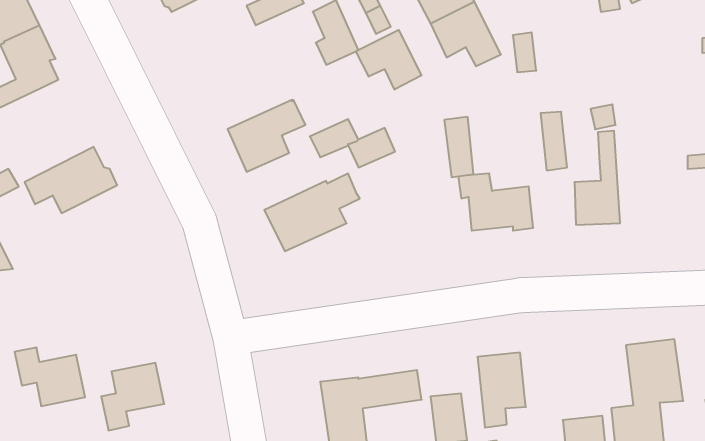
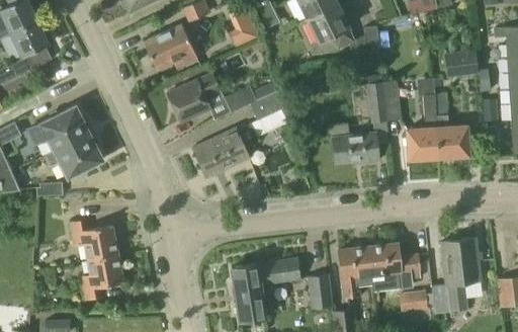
building: none -> [143,24,196,69]
building: [356,30,421,90] -> none
building: none -> [443,51,477,76]
building: [444,117,474,177] -> [366,82,386,123]
building: none -> [433,93,466,158]
building: none -> [45,132,102,178]
building: none -> [368,243,420,290]
building: [15,347,85,406] -> [69,220,117,260]

